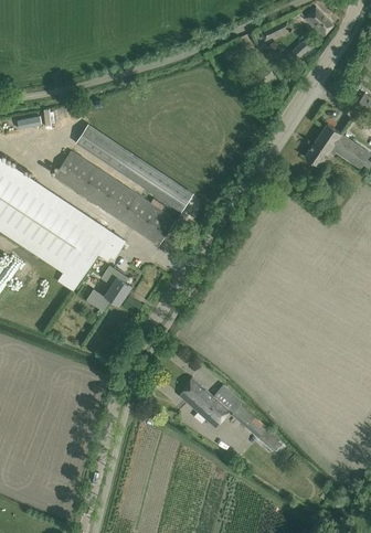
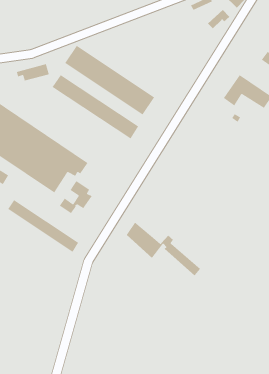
building: [54,151,176,245] -> [64,45,155,115]
building: none -> [7,199,79,253]
building: [180,377,280,450] -> [126,221,201,276]

